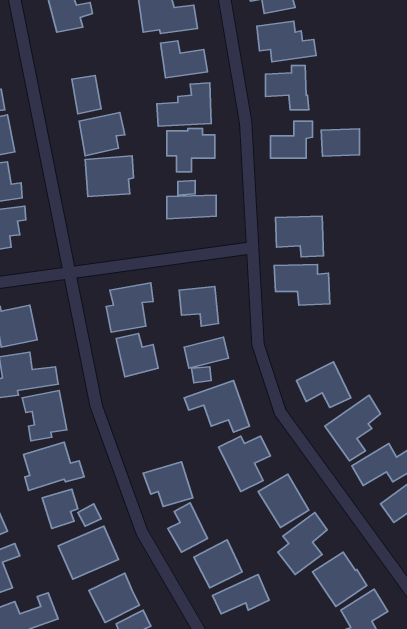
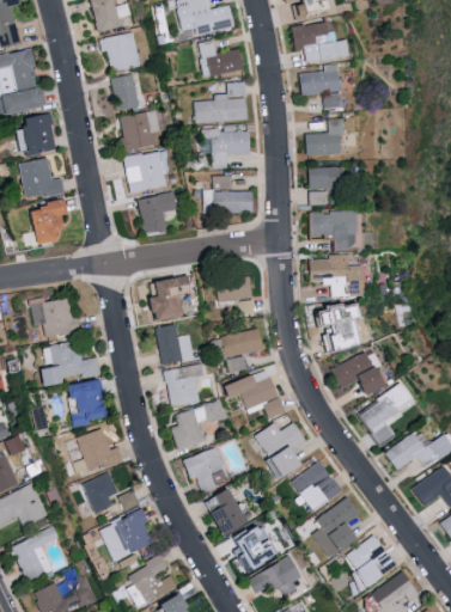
building: none -> [102,32,141,73]
building: [321,129,359,156] -> [306,166,343,192]
building: none -> [138,194,176,233]
building: none -> [313,307,362,345]
building: none -> [164,363,205,406]
building: none -> [171,400,225,449]

